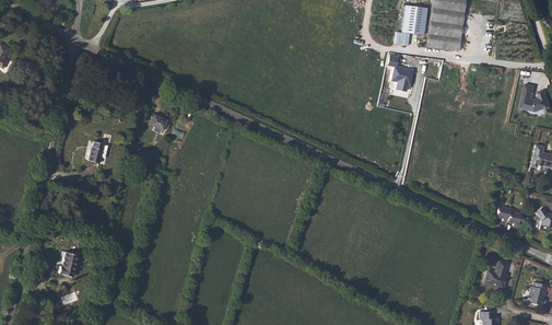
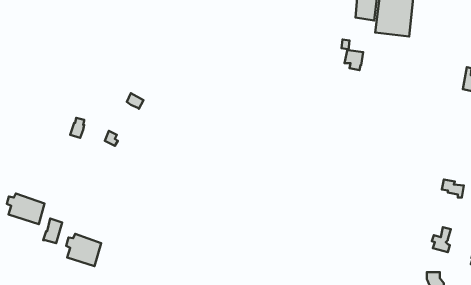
building: none -> [7,193,44,224]
building: none -> [66,234,101,266]

